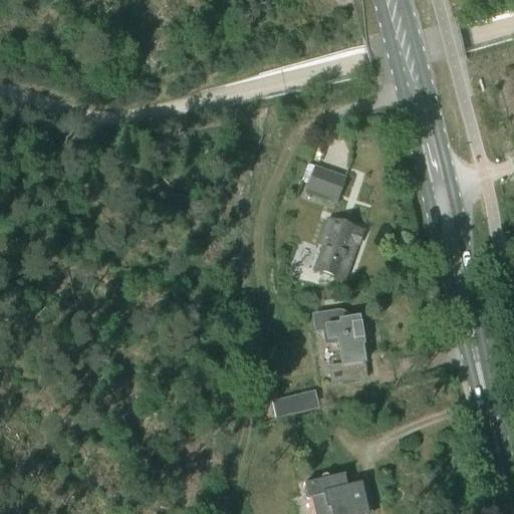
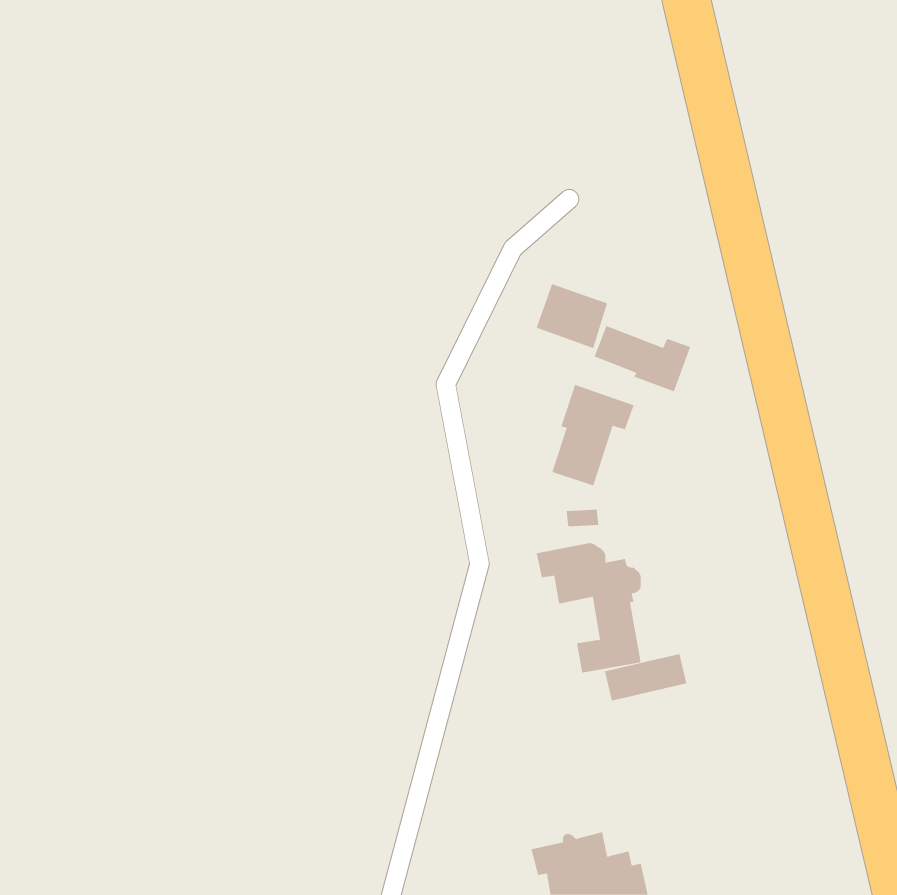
building: none -> [594,325,691,392]
building: [273,391,320,418] -> [604,654,687,701]

